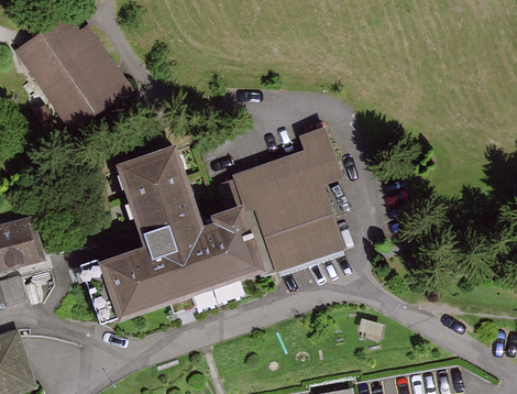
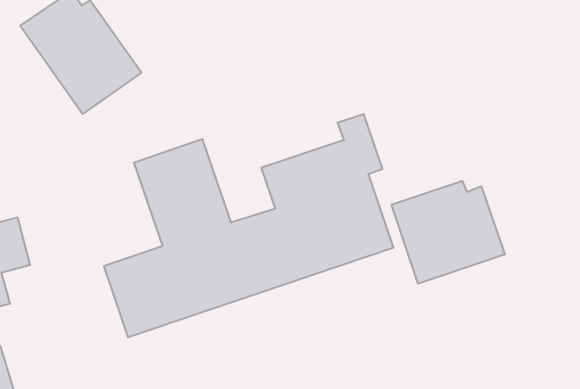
building: none -> [391,181,505,284]

